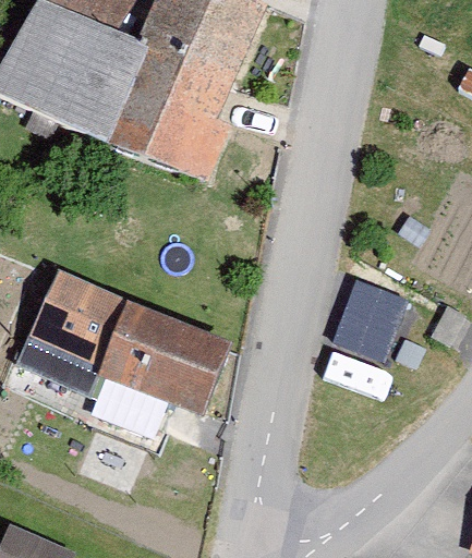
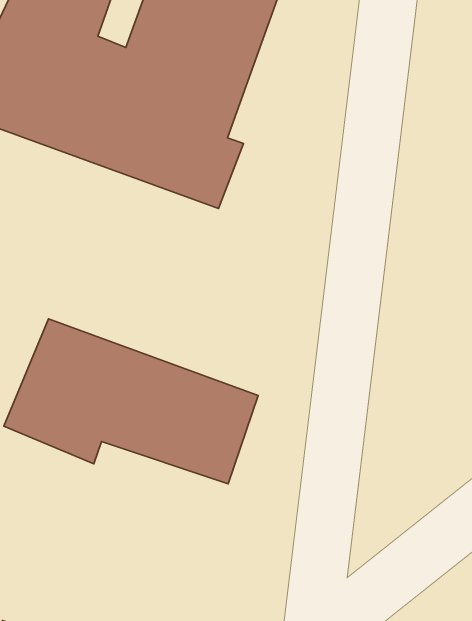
building: [331,277,406,360] -> none

